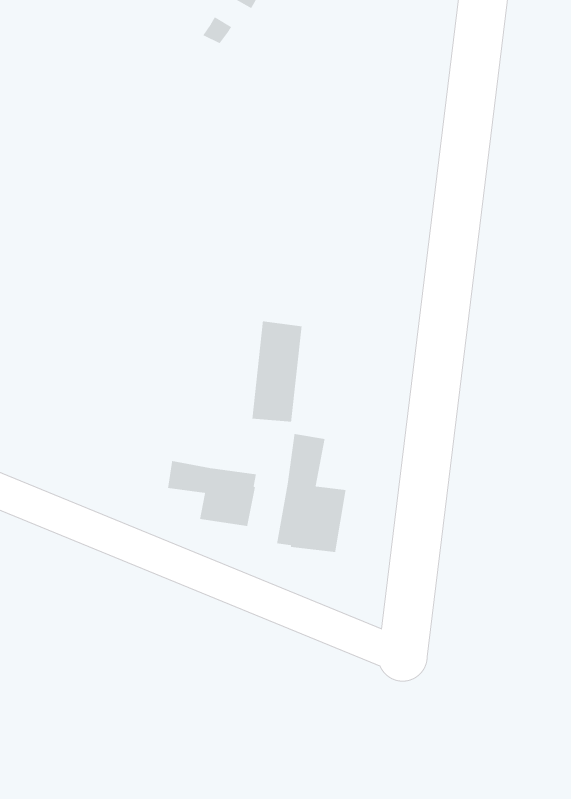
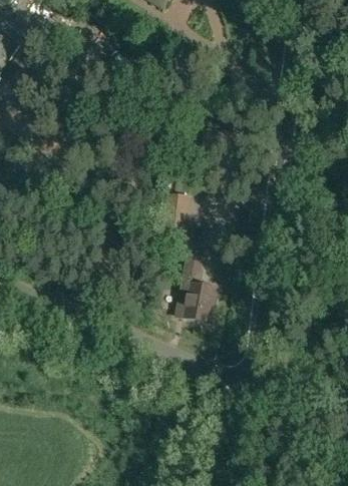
building: [167,460,257,527] -> none

